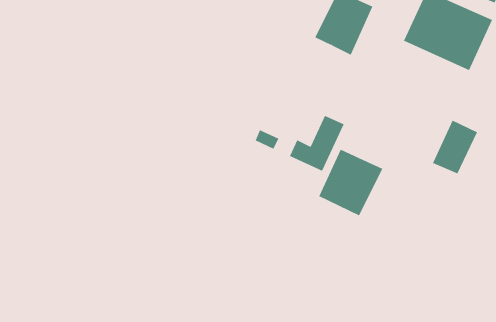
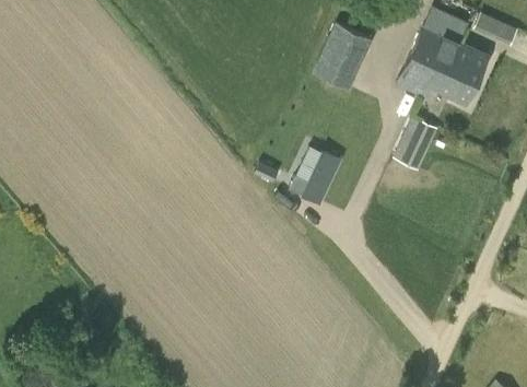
building: [432,120,478,174] -> [391,117,436,171]
building: [318,149,383,216] -> none

